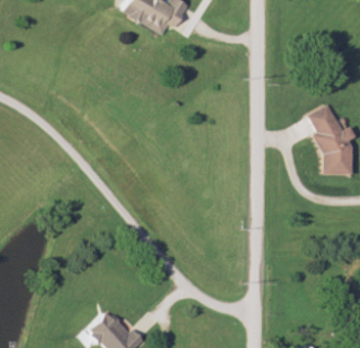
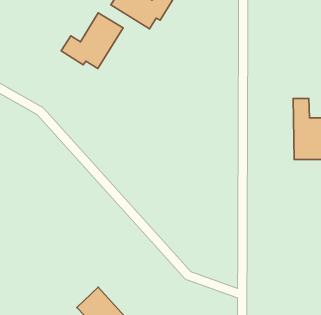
building: none -> [61,13,123,68]

